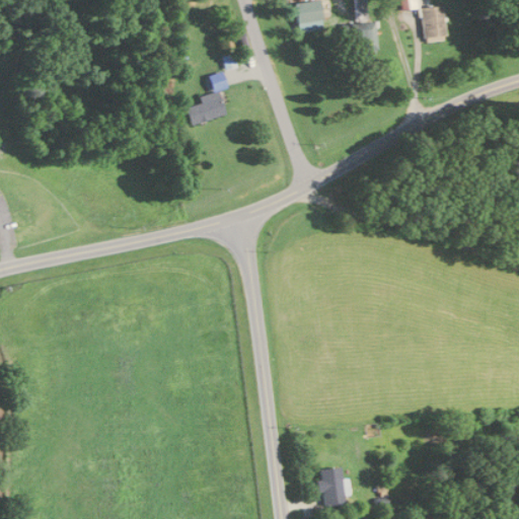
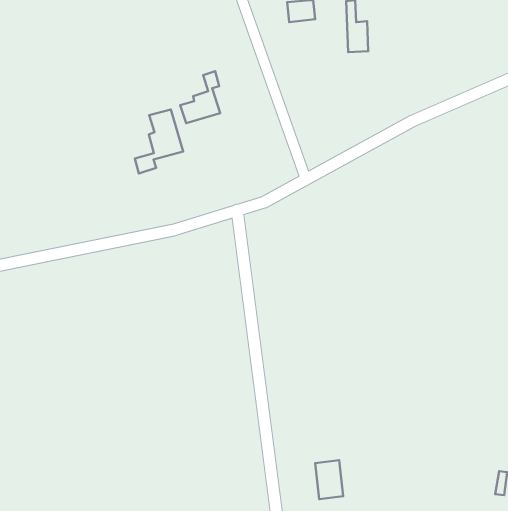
building: [424,6,445,41] -> none
building: none -> [135,110,183,174]

